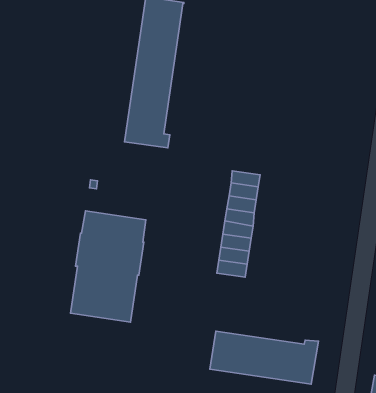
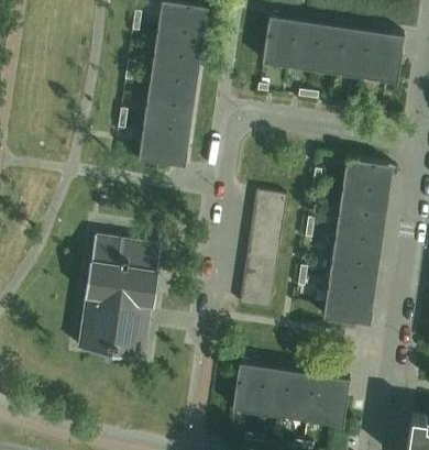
building: none -> [263,20,405,81]
building: none -> [323,157,388,323]

